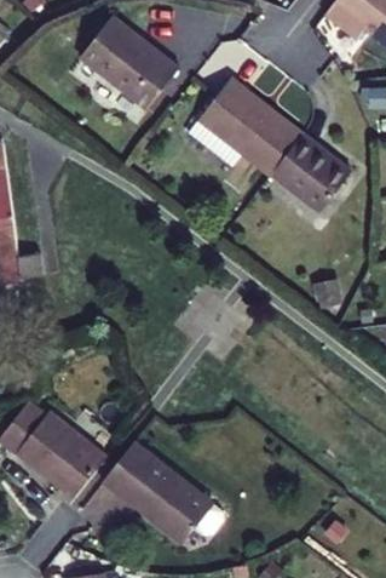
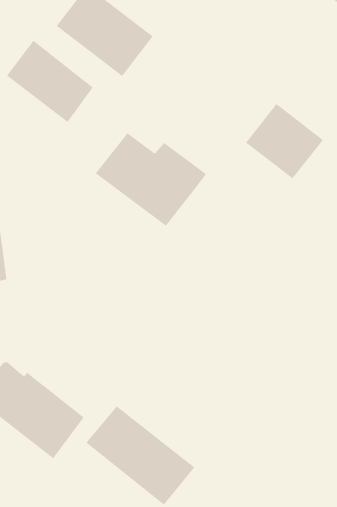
building: none -> [6,40,94,123]
building: [197,81,311,177] -> [95,133,207,227]

